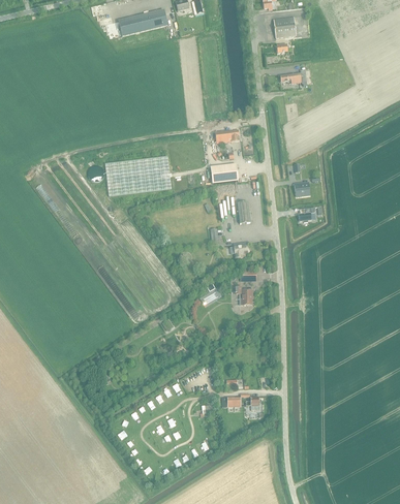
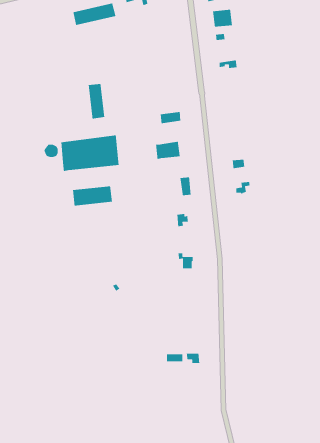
building: none -> [88,83,105,119]
building: none -> [72,185,113,207]

